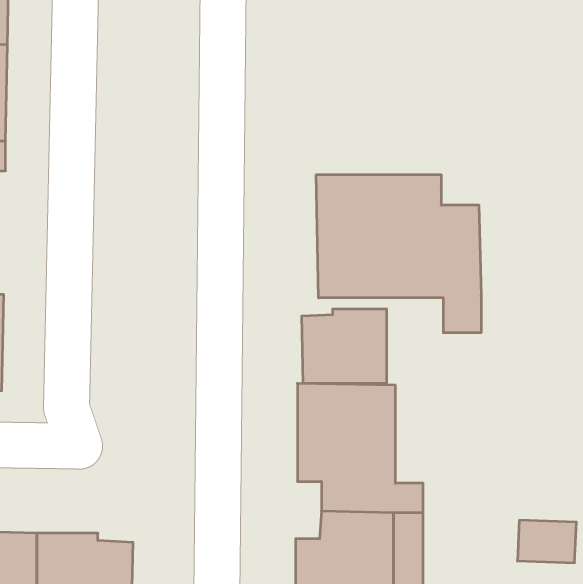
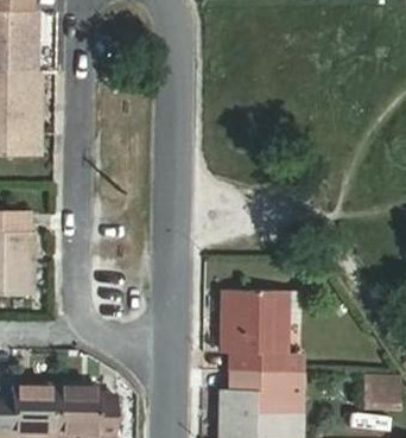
building: [316,175,481,333] -> none
building: [302,309,387,383] -> none

